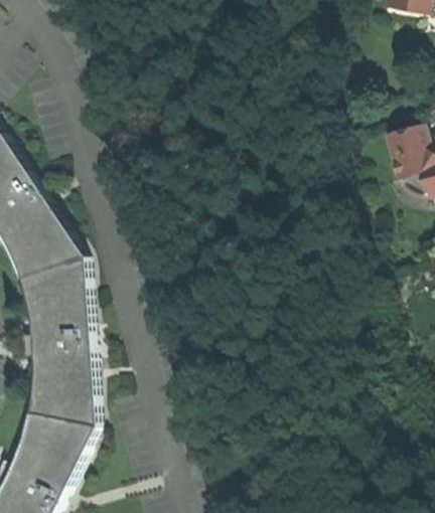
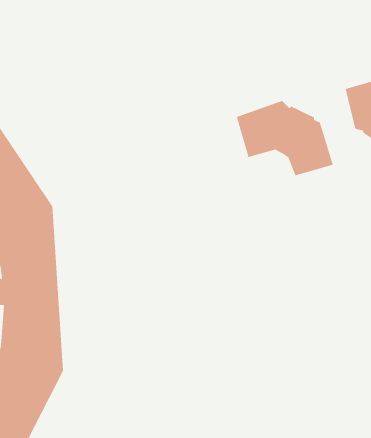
building: none -> [236,100,334,176]

